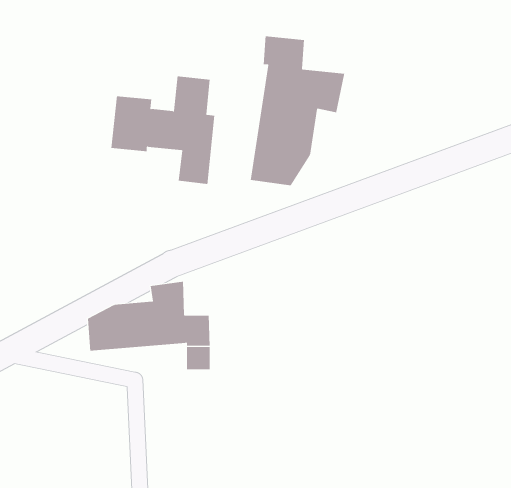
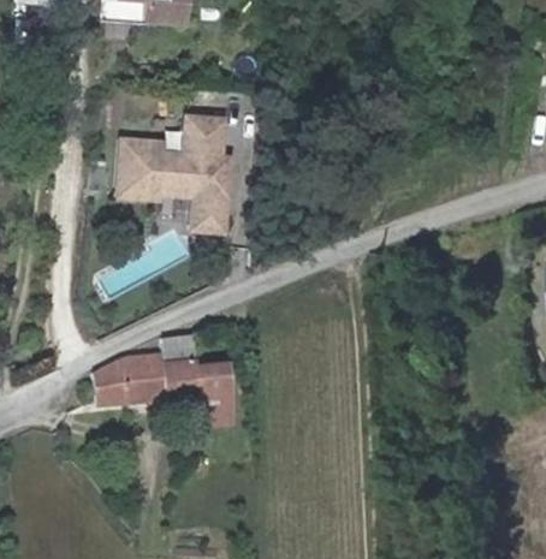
building: [250,35,345,186] -> none

